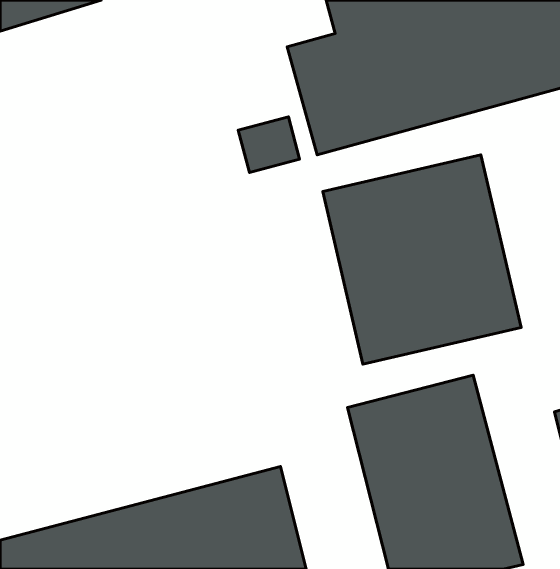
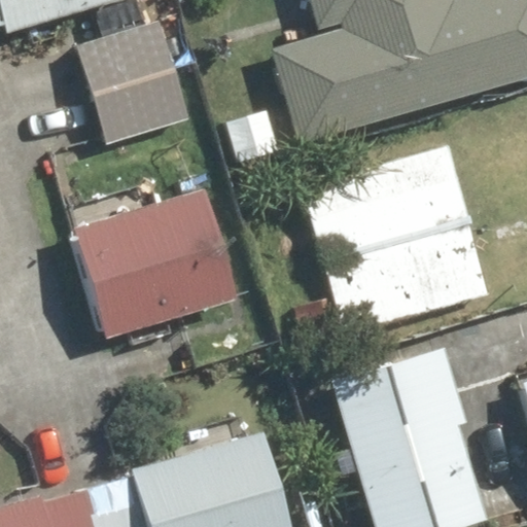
building: none -> [75,16,189,146]
building: none -> [74,187,239,340]

